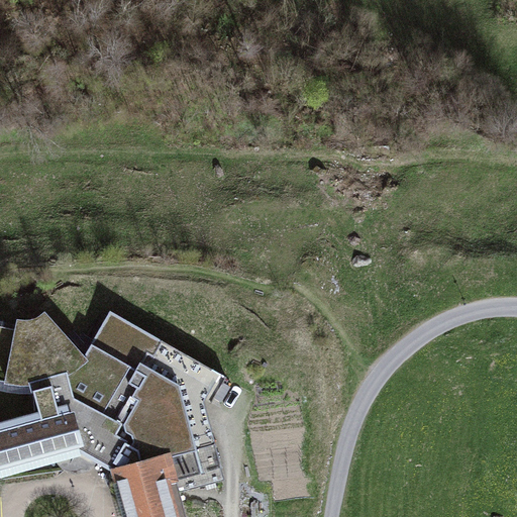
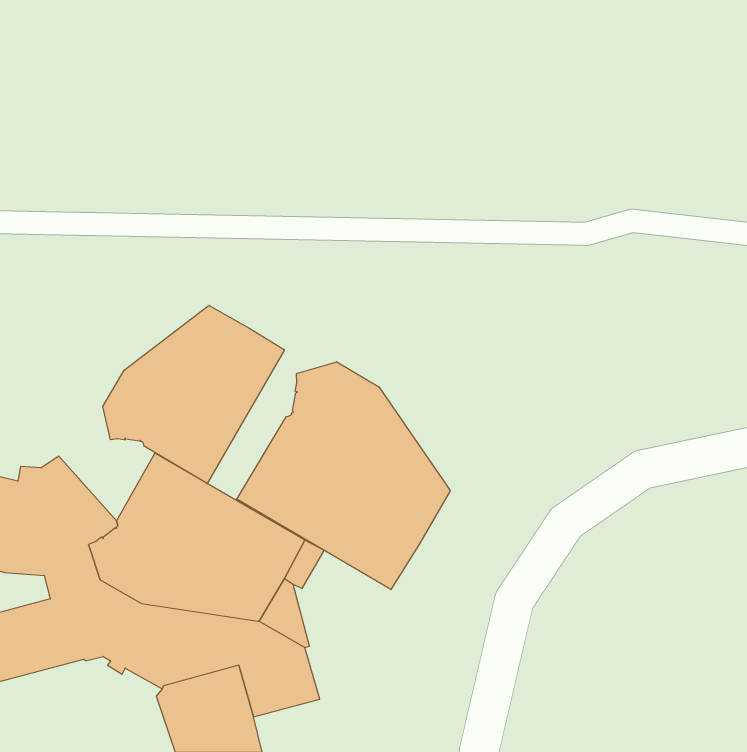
building: none -> [103,305,285,484]
building: none -> [237,362,450,590]

